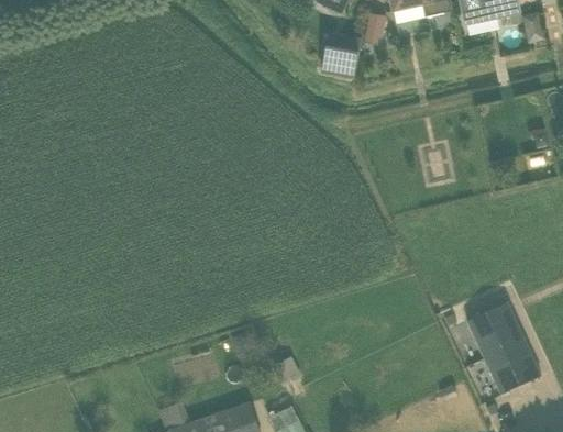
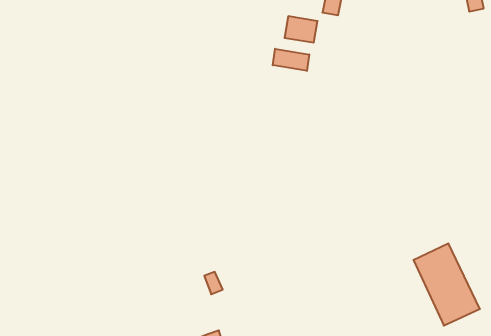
building: none -> [273,49,309,71]

